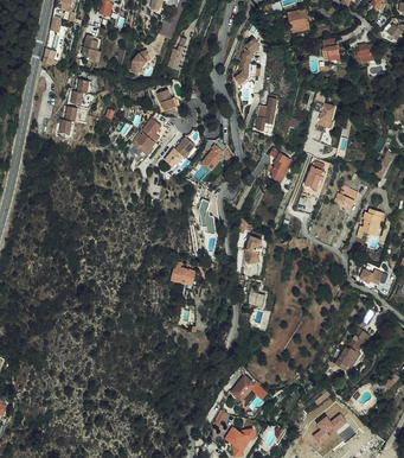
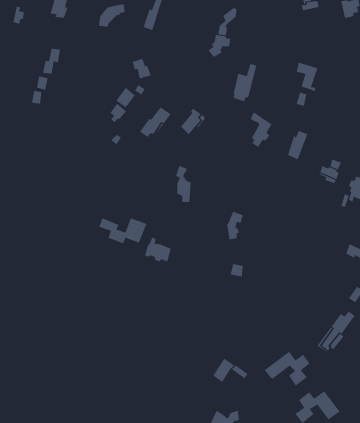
building: none -> [98,218,147,244]
building: none -> [264,351,310,386]

